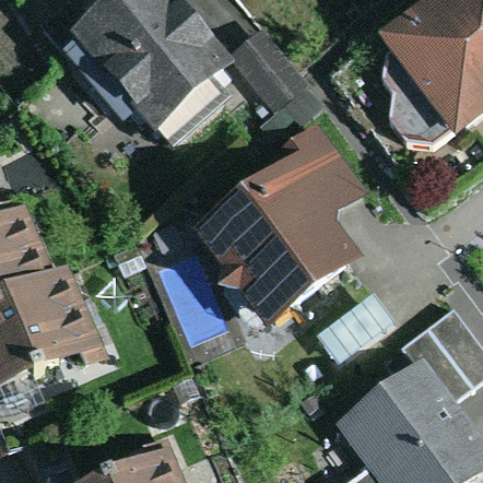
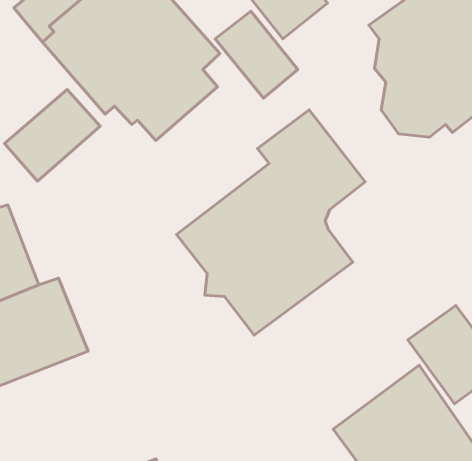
building: none -> [5,89,100,181]

